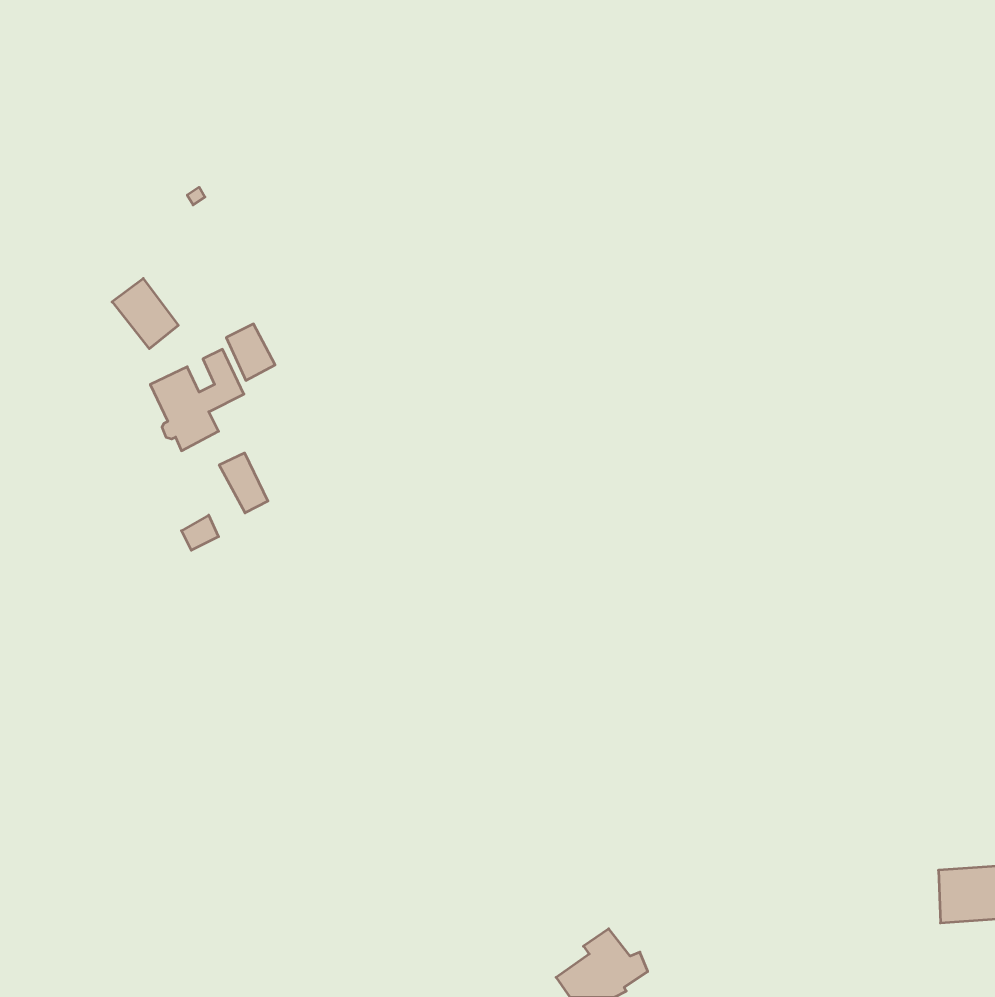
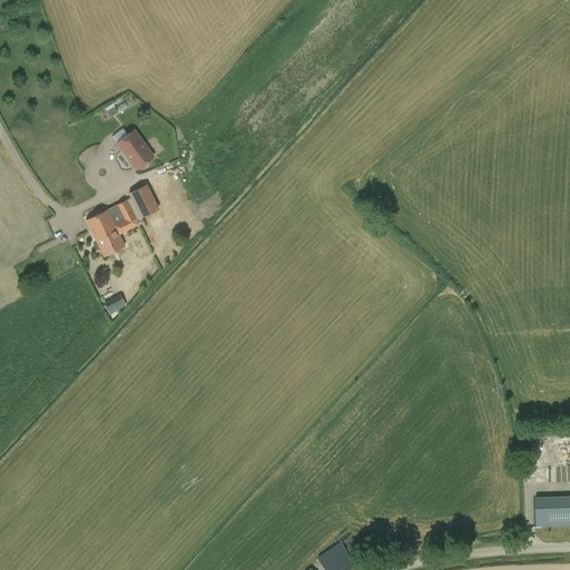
building: [112,278,178,349] -> [112,127,150,167]
building: [219,453,268,513] -> none

